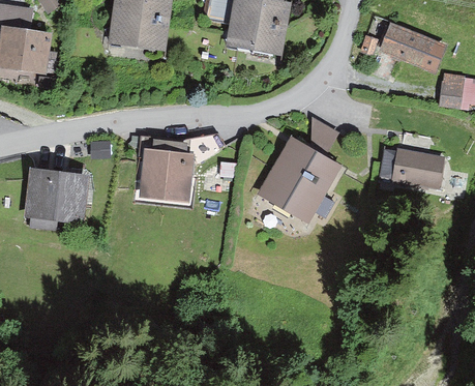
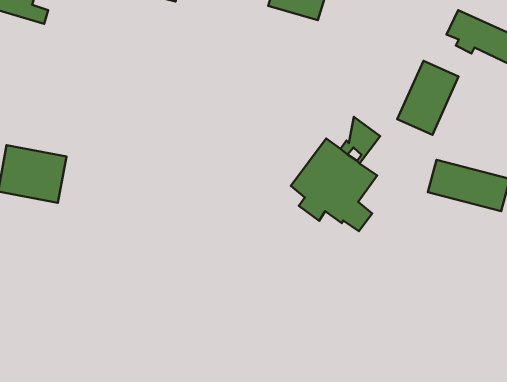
building: none -> [397,61,459,135]
building: [138,136,195,197] -> none

